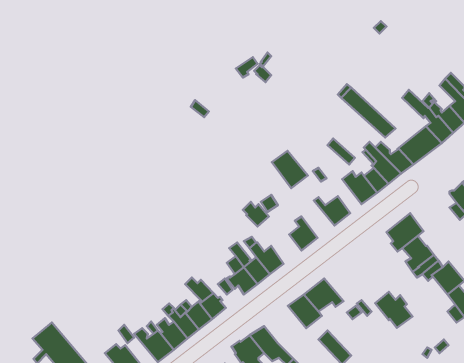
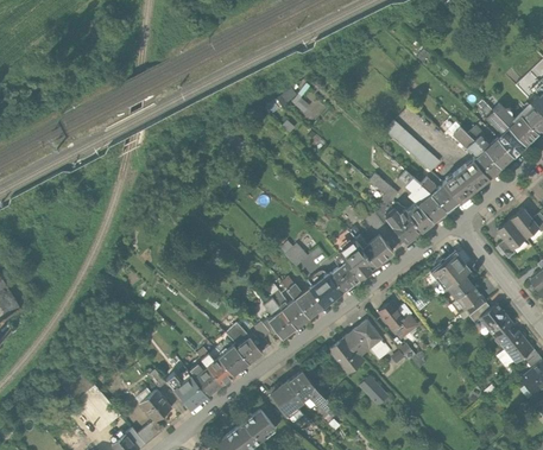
building: [272,151,308,188] -> [339,239,377,278]
building: none -> [310,274,342,305]
building: [375,292,413,328] -> [378,299,417,337]

